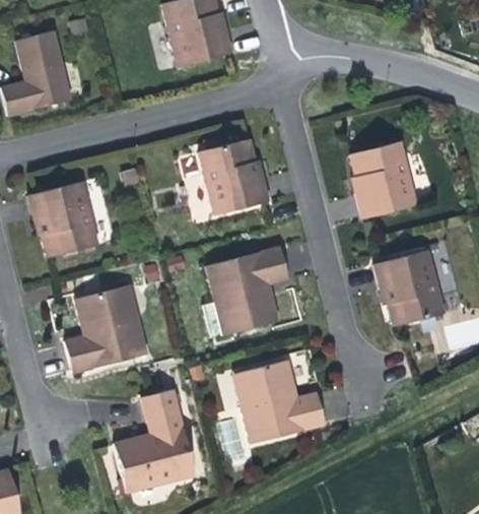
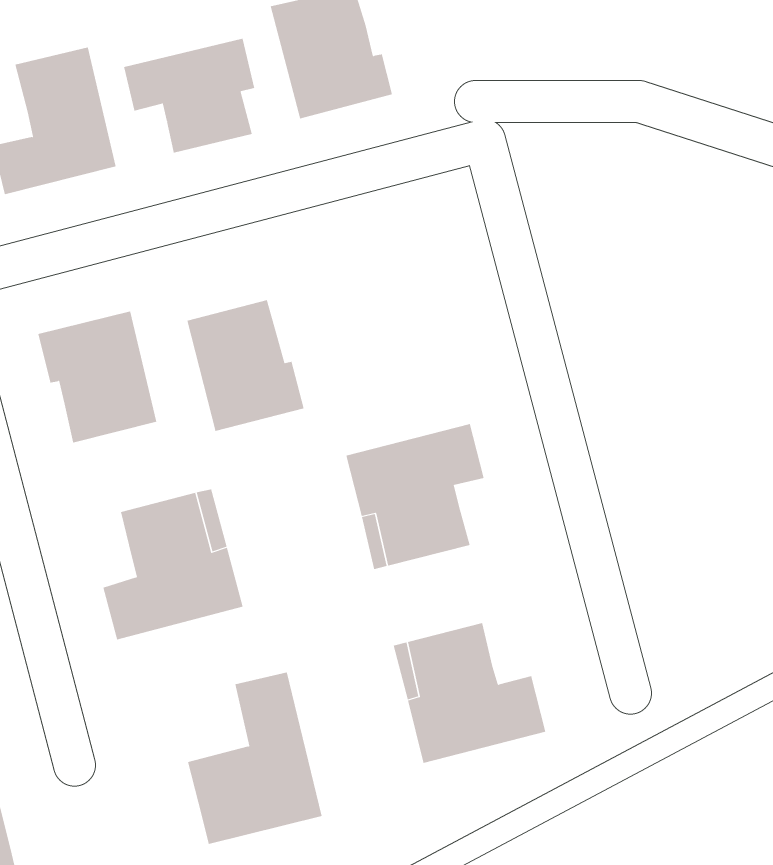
building: none -> [123,38,255,153]
building: [200,140,268,216] -> [187,299,304,431]
building: [353,144,415,219] -> none
building: [373,250,441,323] -> none

